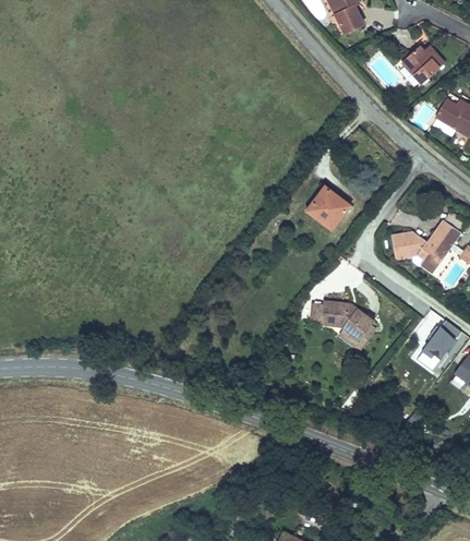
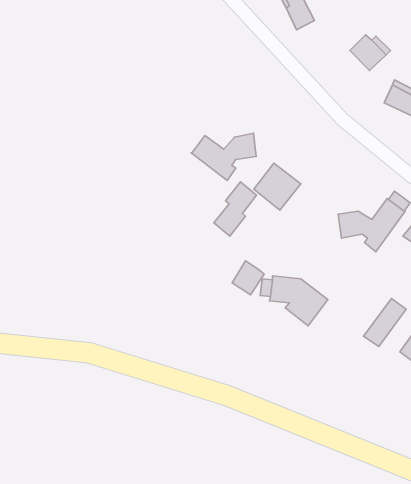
building: none -> [191,133,256,181]
building: none -> [214,182,257,236]
building: none -> [232,261,264,295]

